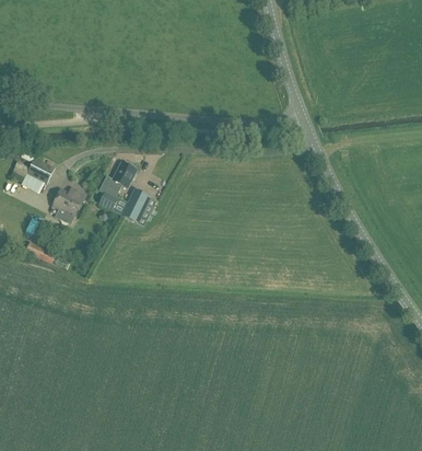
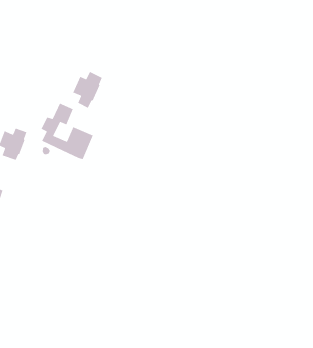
building: none -> [72,71,103,109]

